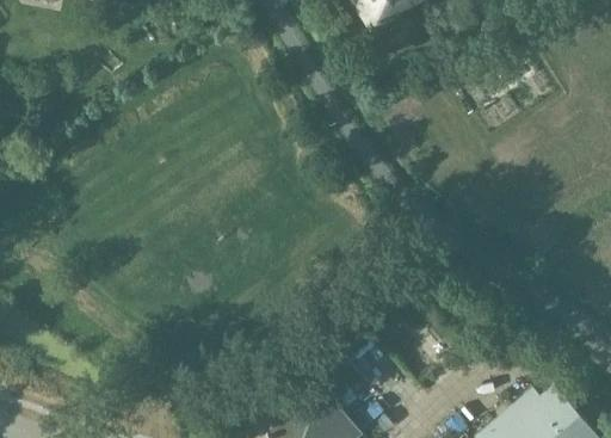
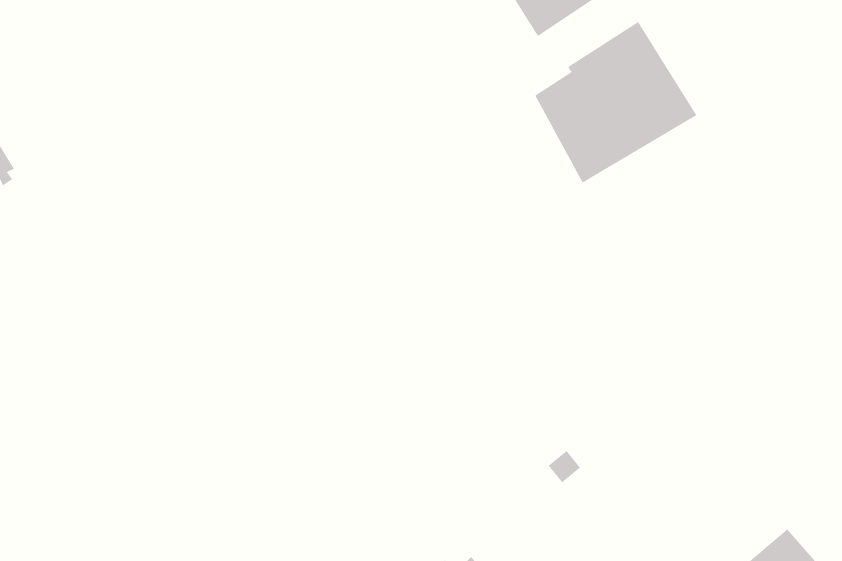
building: none -> [535,21,697,184]

